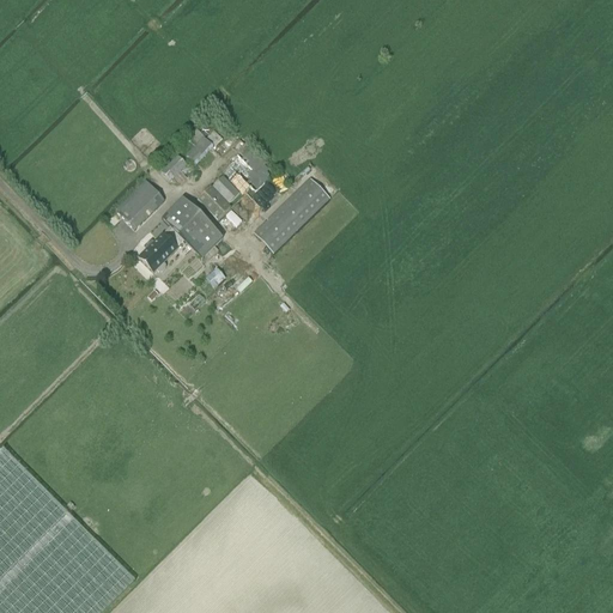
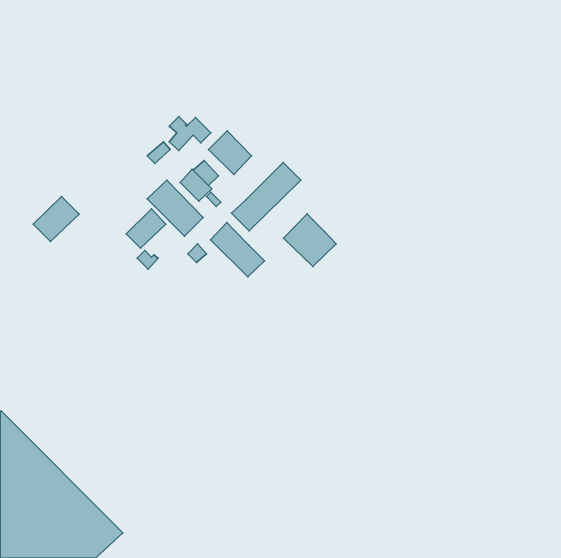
building: [114,180,164,229] -> [33,197,79,242]
building: none -> [284,214,336,267]
building: none -> [211,223,264,277]

